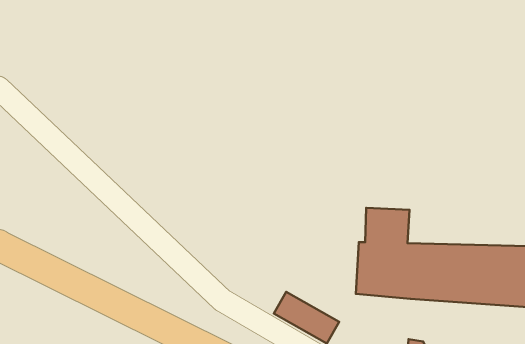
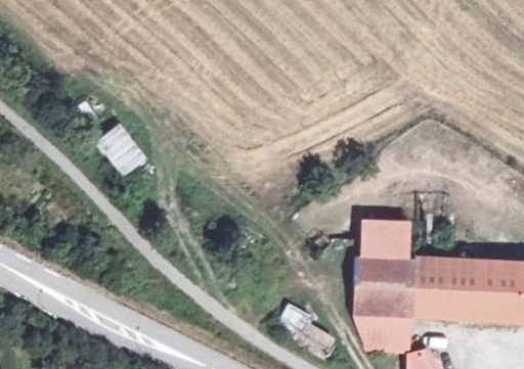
building: none -> [97,122,148,175]
building: none -> [355,309,409,352]

